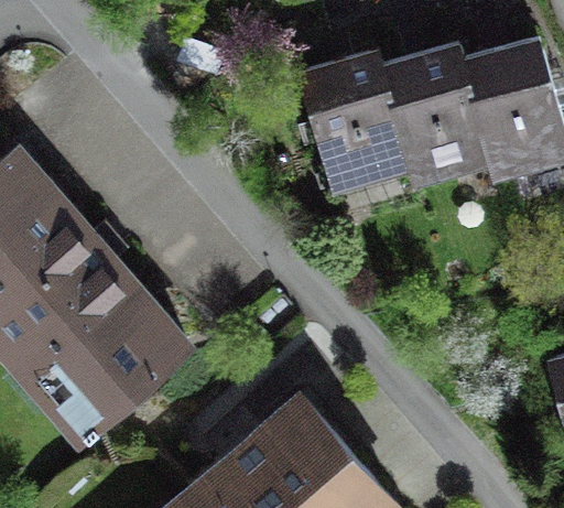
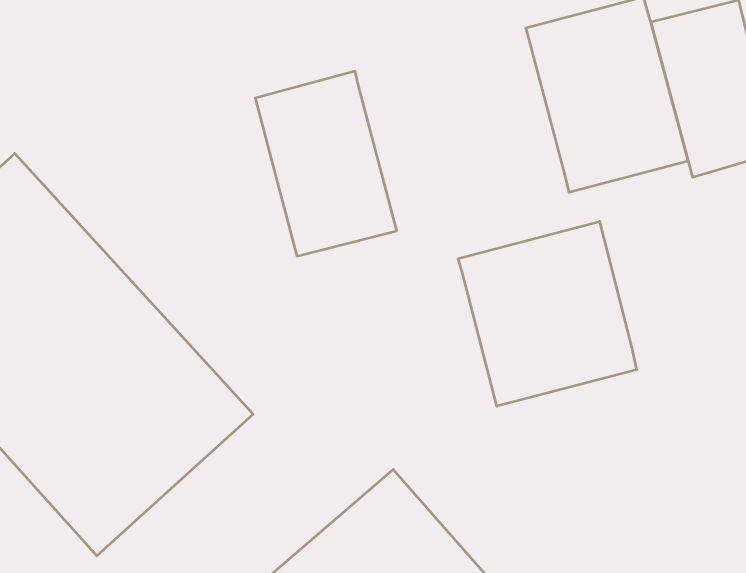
building: [322,53,426,190] -> [255,71,397,256]
building: none -> [458,221,637,406]

